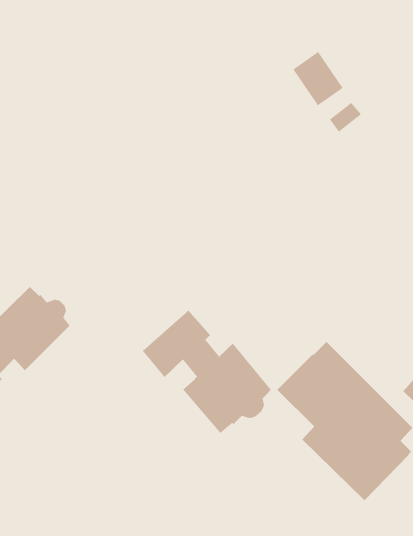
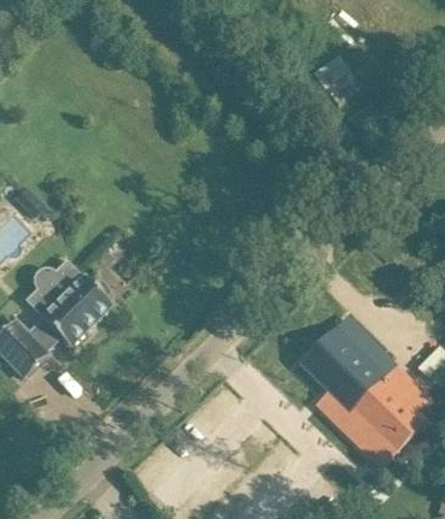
building: [142,310,272,434] -> none

